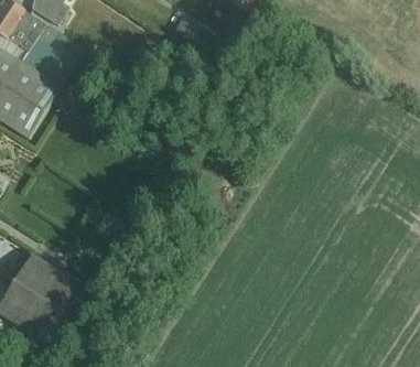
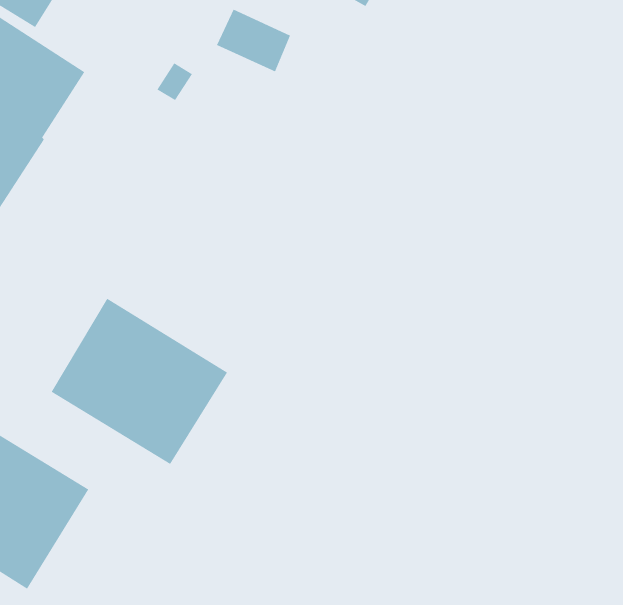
building: none -> [51,298,228,465]

